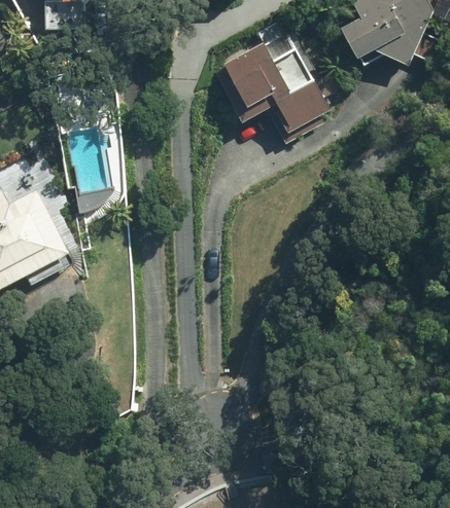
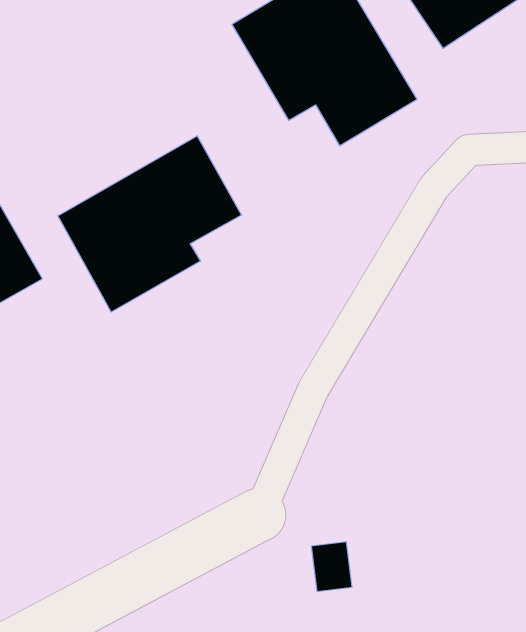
building: none -> [58,136,242,312]

